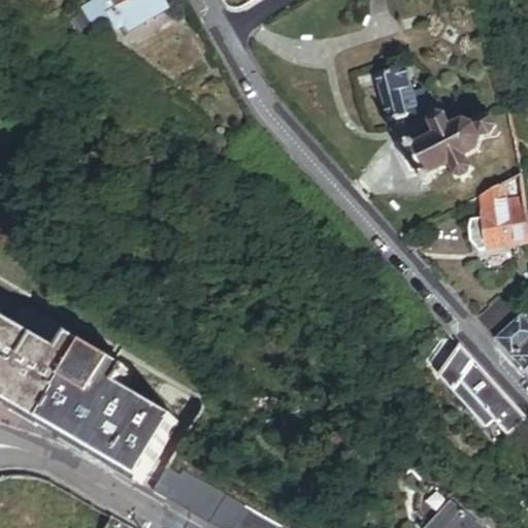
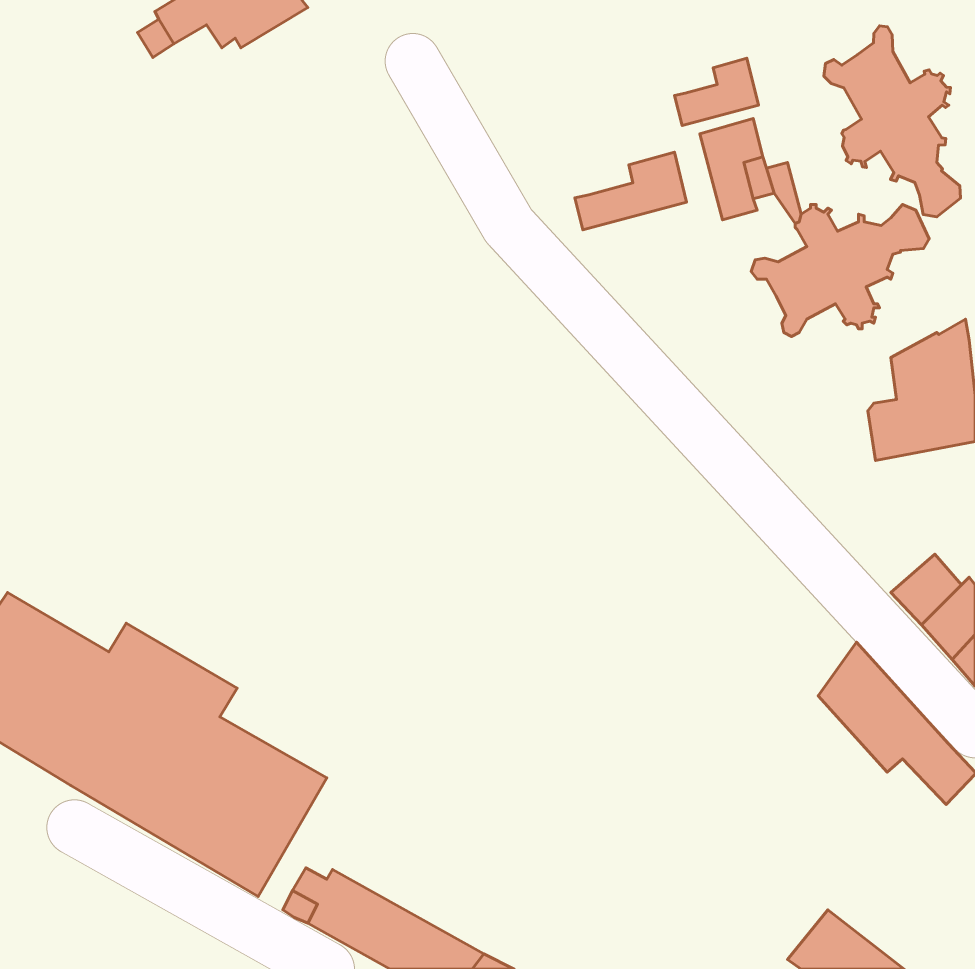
building: none -> [824,26,961,217]
building: none -> [675,58,759,126]
building: none -> [575,152,687,230]

